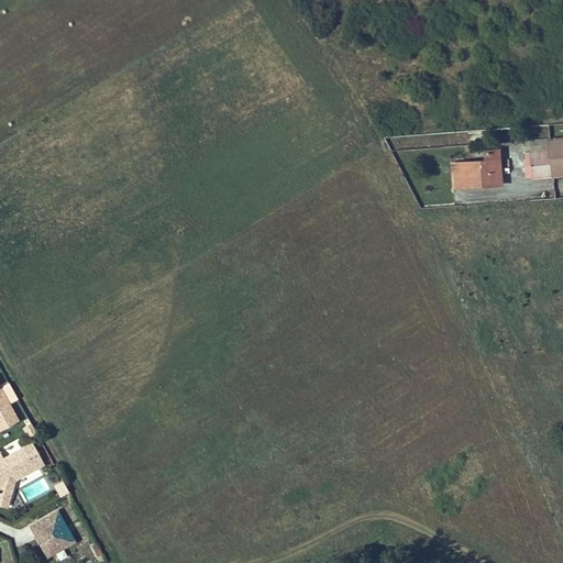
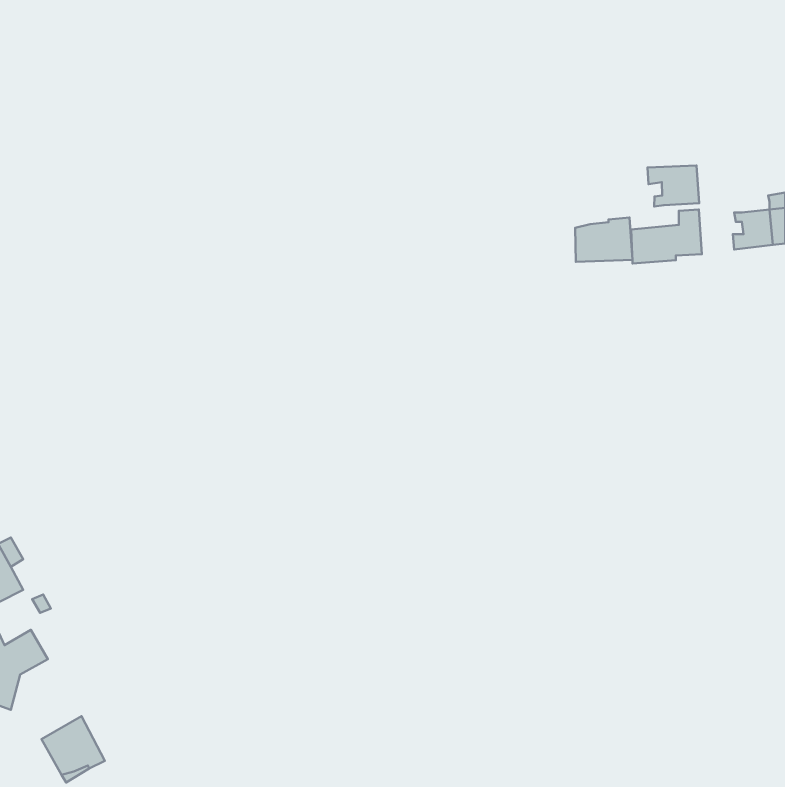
building: none -> [647,165,699,207]
building: none -> [575,218,632,262]

